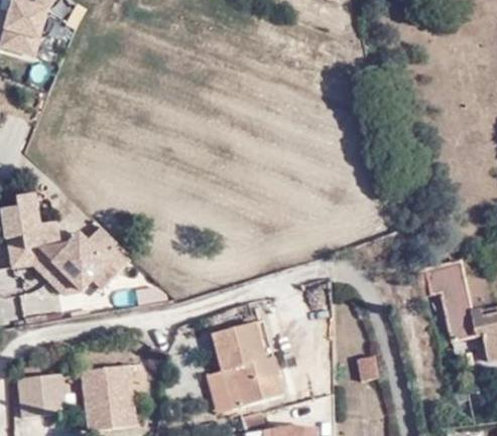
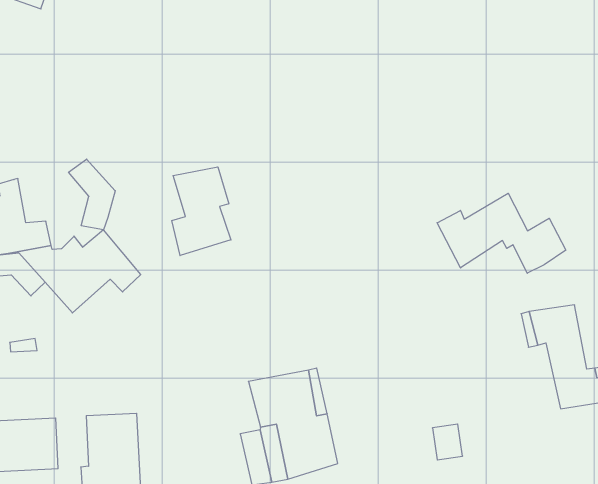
building: none -> [69,159,115,230]
building: none -> [172,167,231,256]
building: none -> [437,193,566,273]

